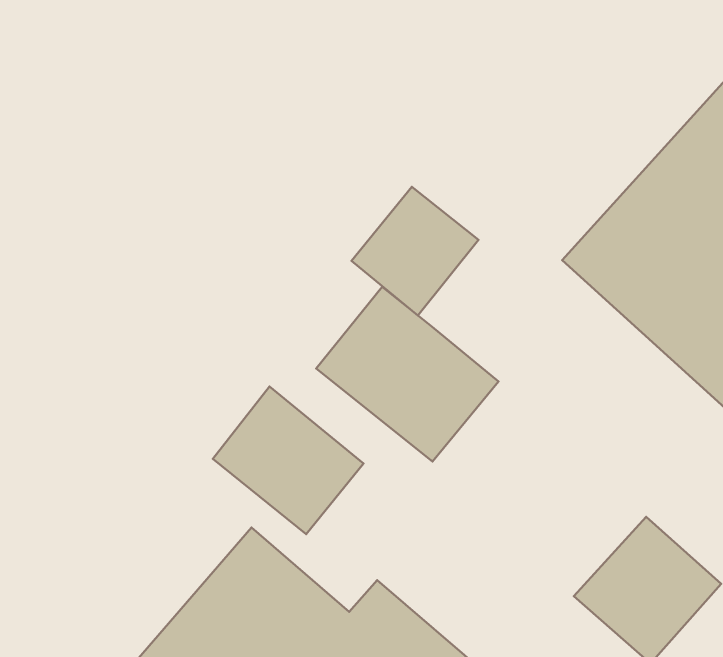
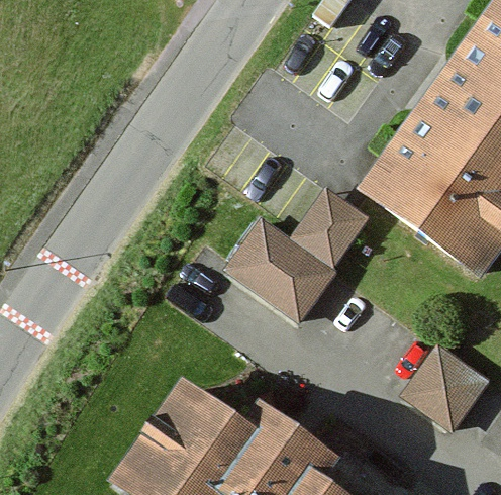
building: [352,187,478,315] -> [290,192,367,271]
building: [213,387,363,534] -> none

